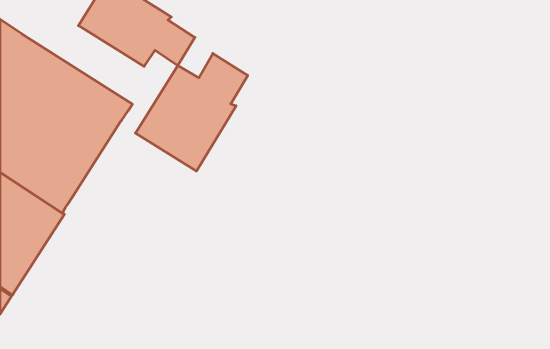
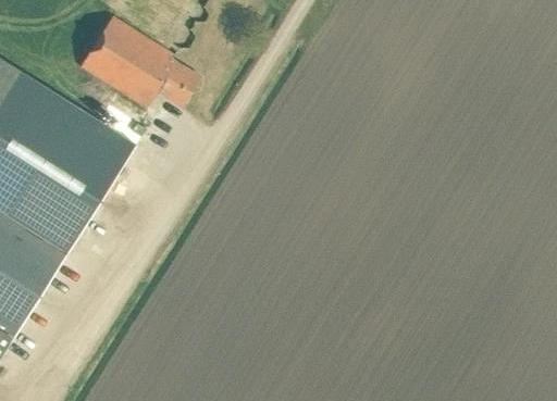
building: [135,53,248,171] -> none

